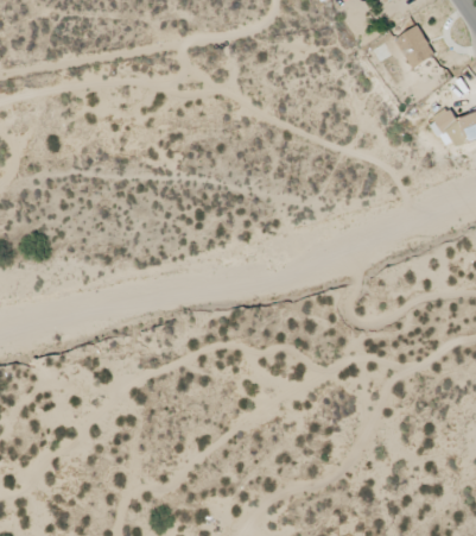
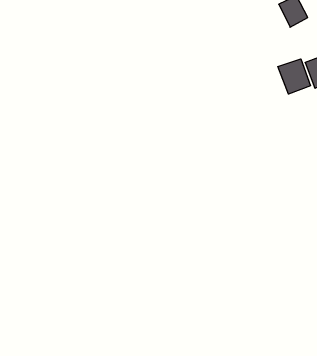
building: none -> [278,59,310,94]

